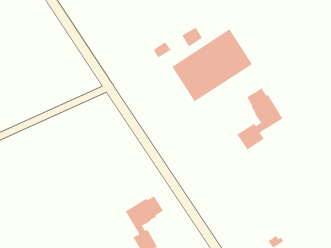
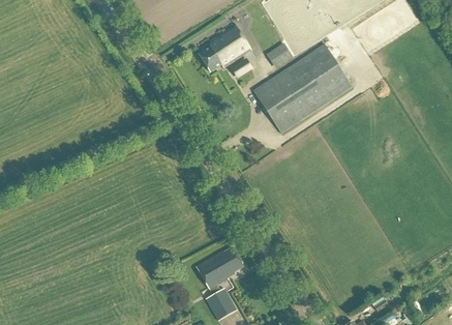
building: none -> [200,27,250,73]
building: [237,87,283,151] -> none

